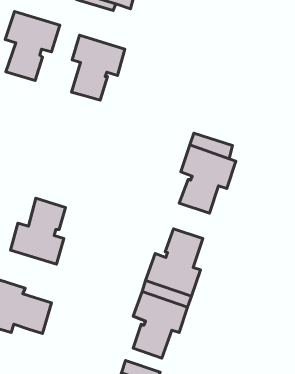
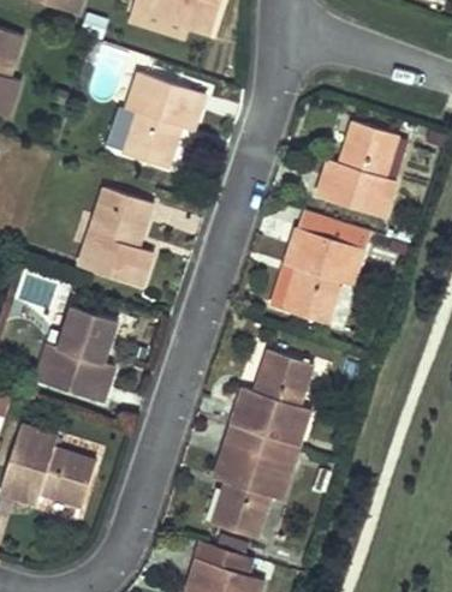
building: [5,11,60,80] -> none
building: none -> [315,124,398,220]
building: none -> [76,185,150,282]

